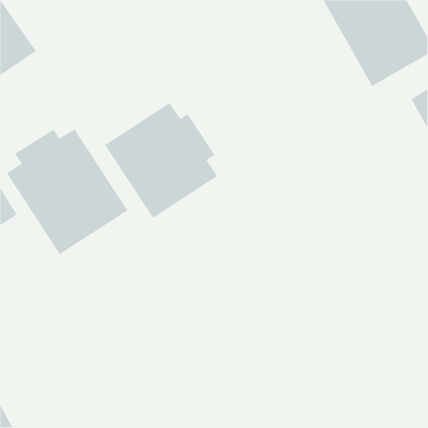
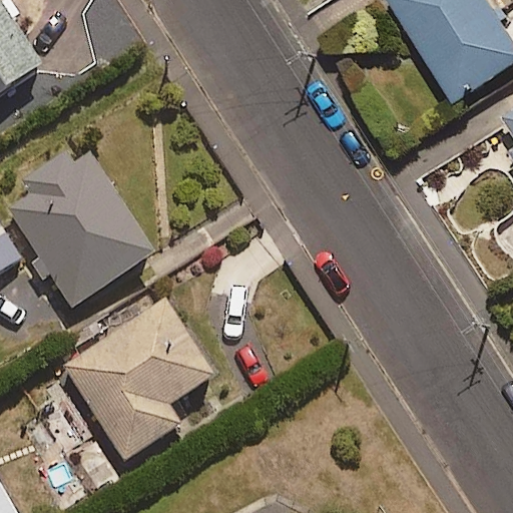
building: [104,102,218,219] -> none
building: none -> [63,300,213,459]

